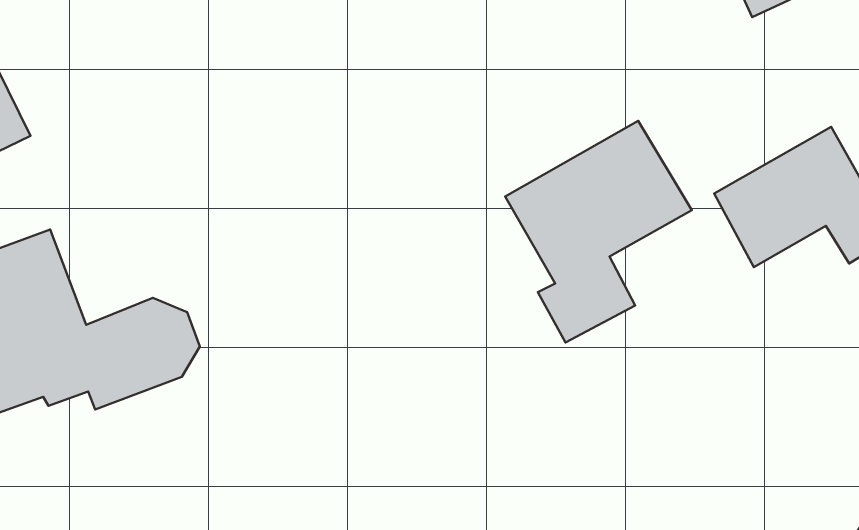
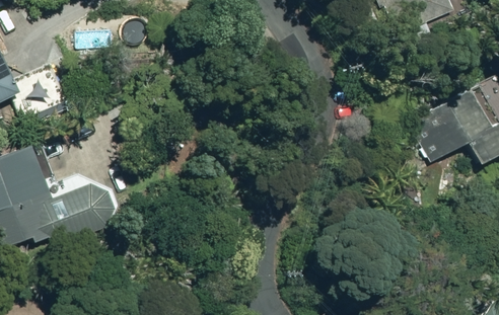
building: [505,121,692,342] -> none

